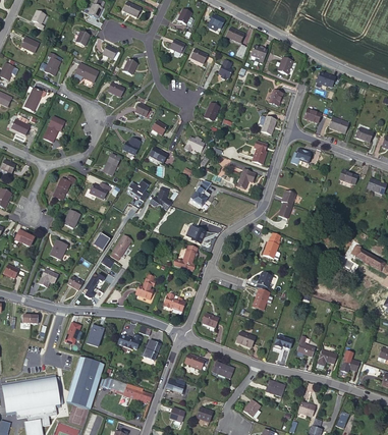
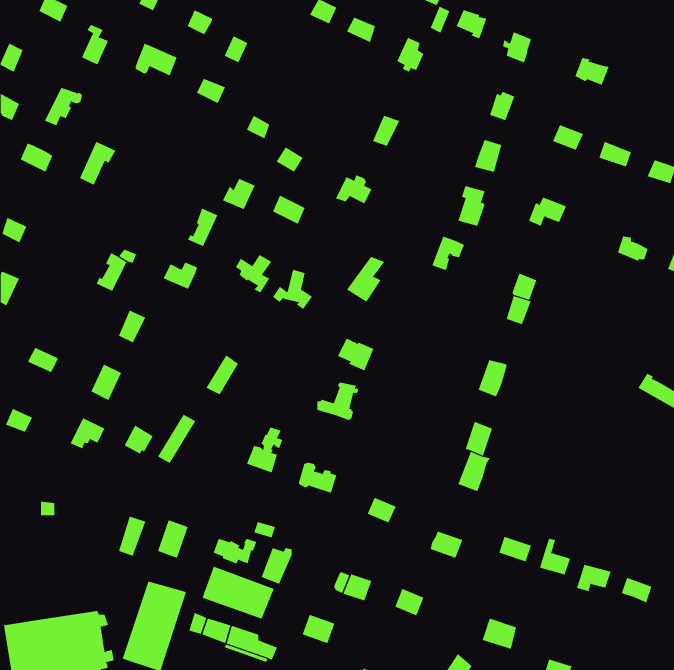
building: none -> [202,566,274,620]

